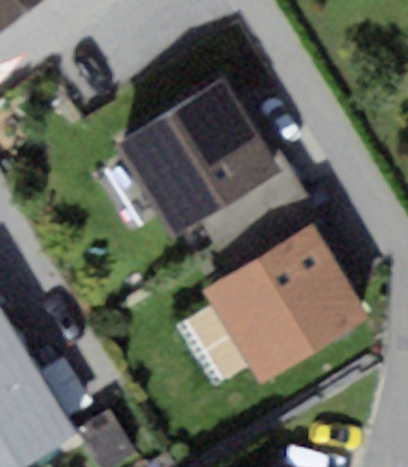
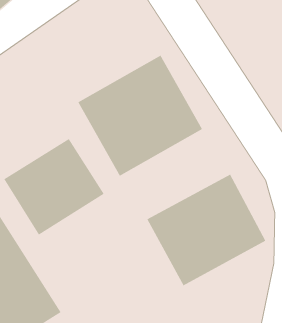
building: none -> [4,138,105,235]

